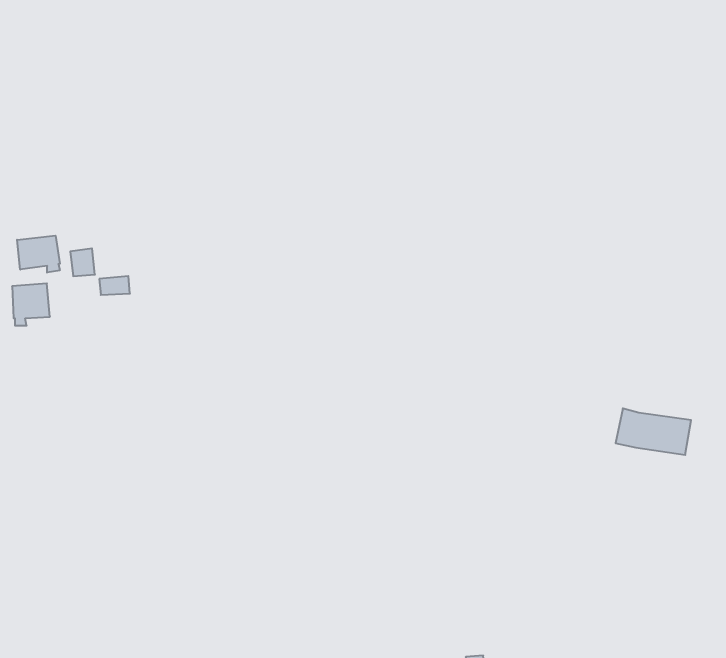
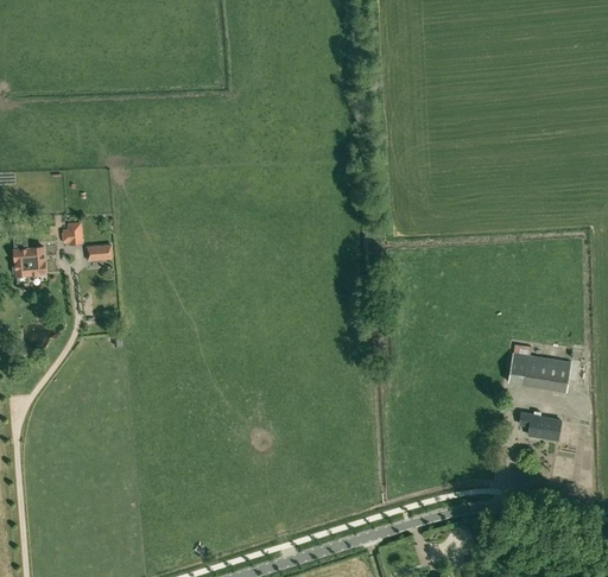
building: [17,236,60,273] -> none
building: none -> [519,411,560,439]

